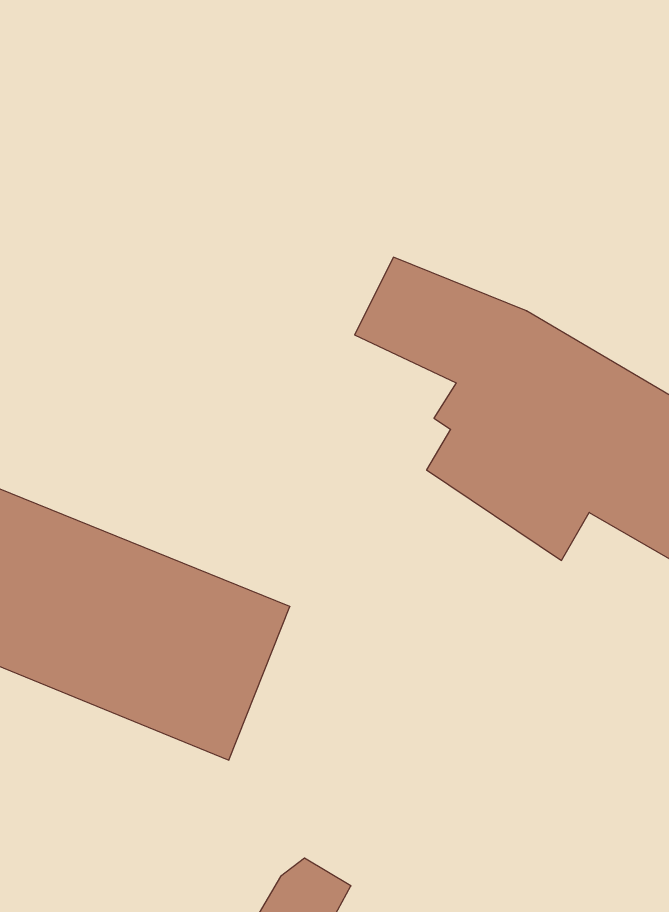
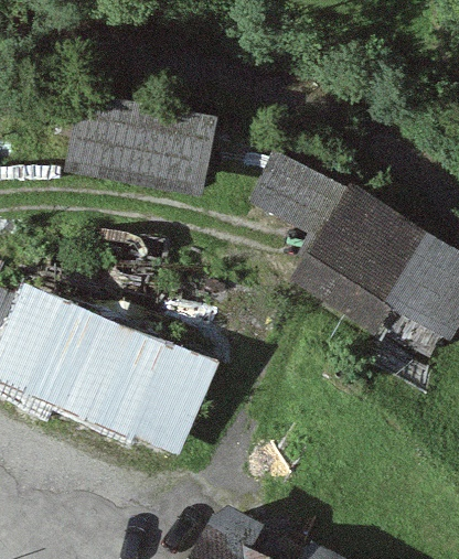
building: none -> [66,98,212,192]

